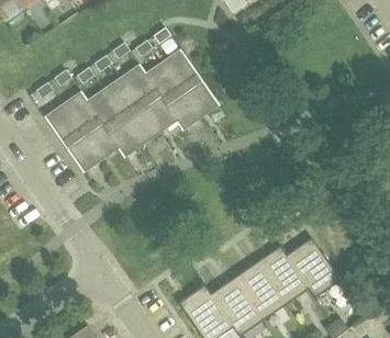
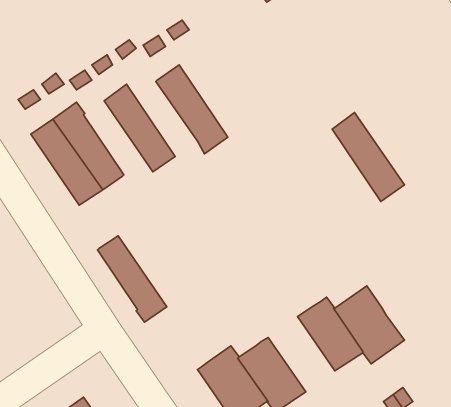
building: [163,48,220,119] -> [332,112,405,202]
building: [121,65,177,134] -> none
building: [87,90,142,158] -> [97,236,167,322]
building: [233,260,286,319] -> none

